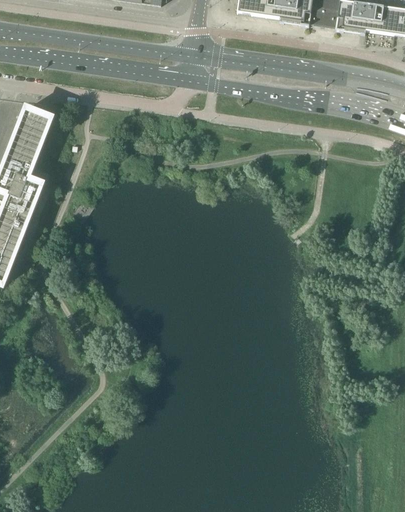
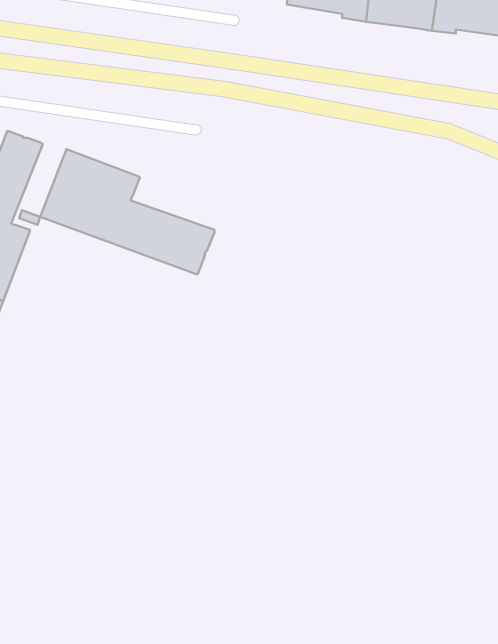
building: none -> [40,149,214,274]

